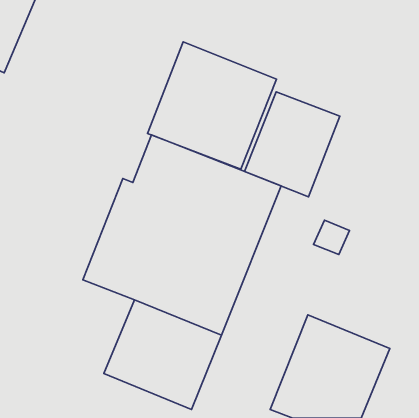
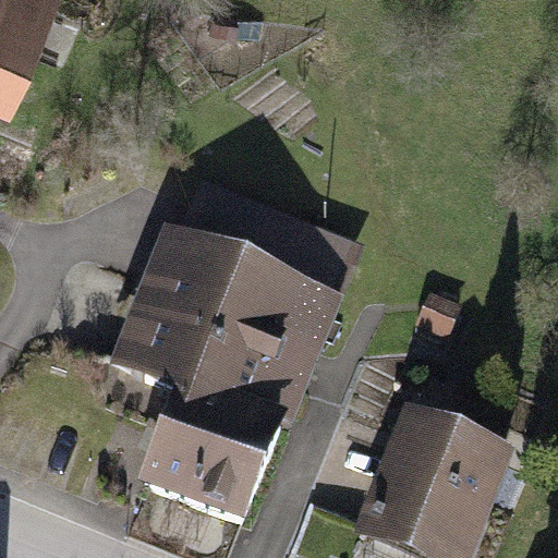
building: [147,42,277,169] -> none
building: [244,92,340,197] -> none

